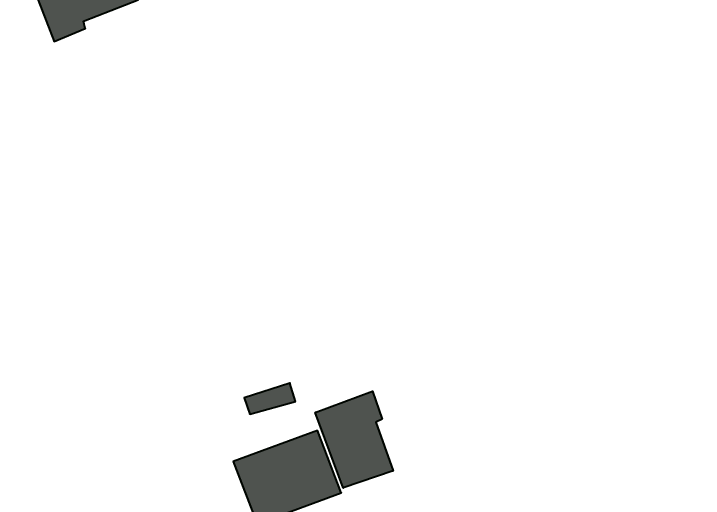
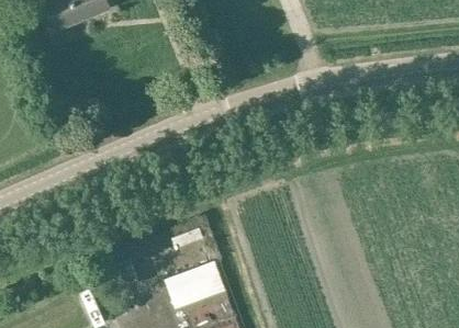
building: [315,391,393,488] -> none

